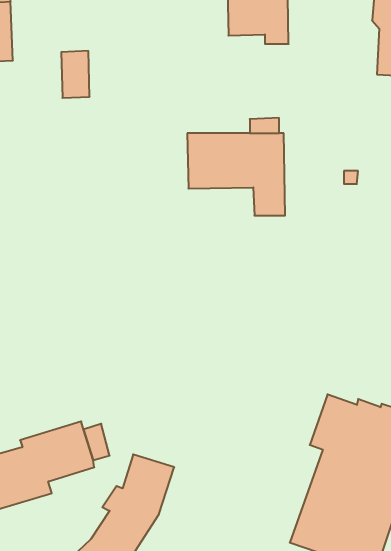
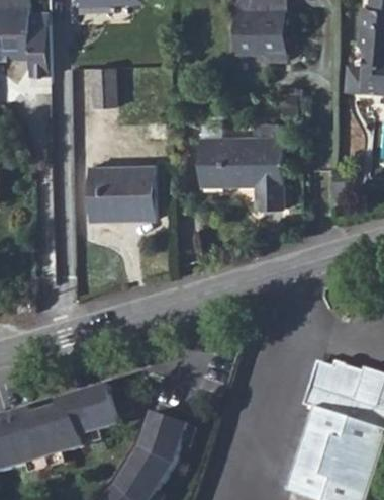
building: none -> [87,165,154,220]

